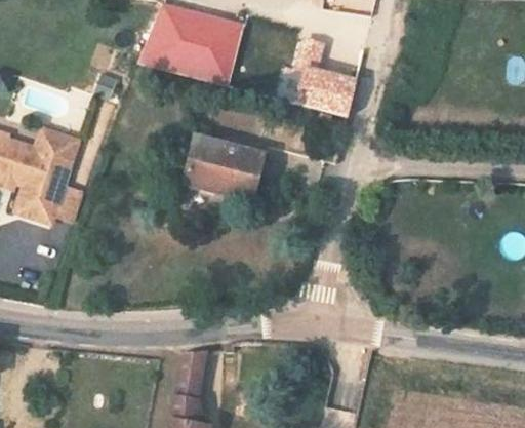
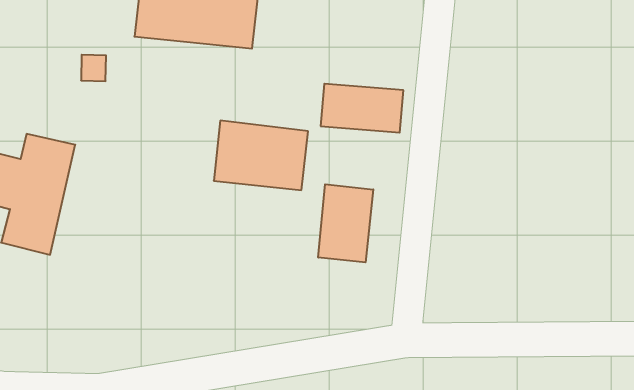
building: [288,66,355,111] -> [321,84,403,133]
building: none -> [318,184,373,262]

